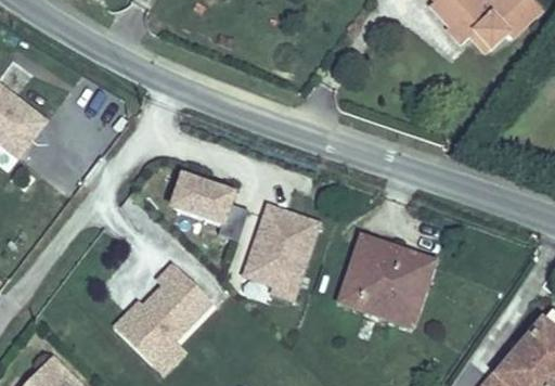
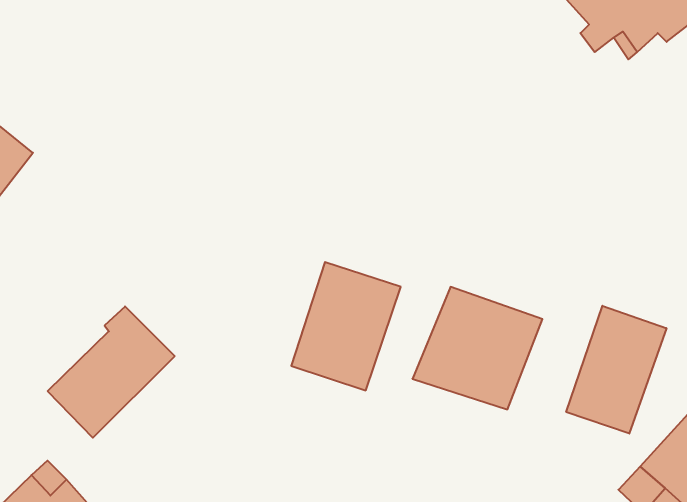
building: [168,175,237,230] -> none
building: none -> [566,306,666,434]
building: [122,268,217,365] -> [48,306,175,438]

